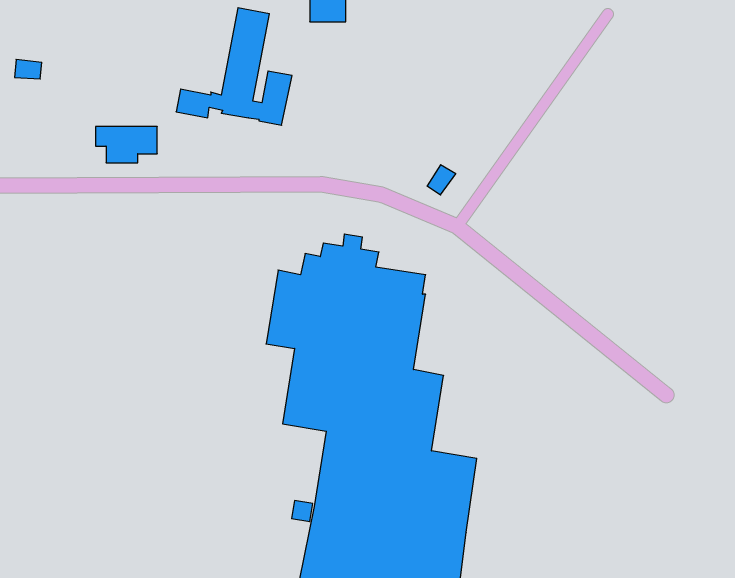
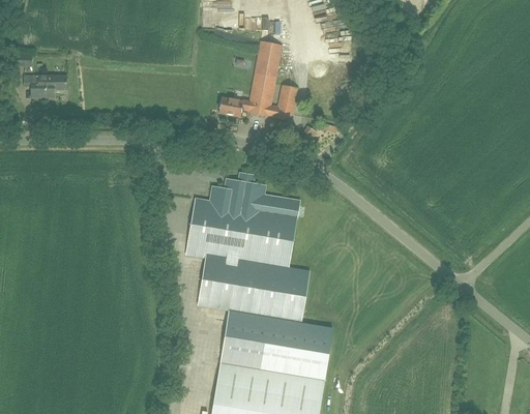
building: [176,8,292,125] -> [218,41,298,122]
building: [96,127,157,163] -> [24,73,66,98]

